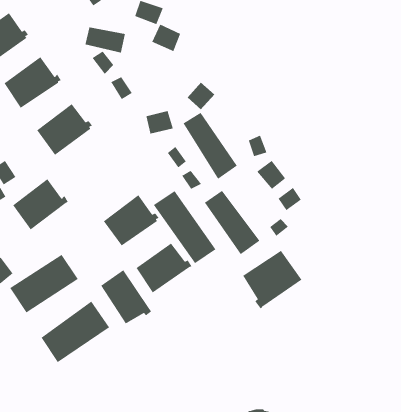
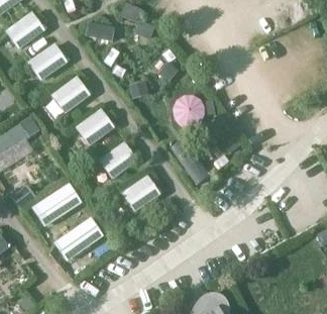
building: [12,178,69,231] -> [75,108,115,145]
building: [153,190,217,264] -> none
building: [242,250,303,309] -> none
building: [100,269,152,325] -> none

